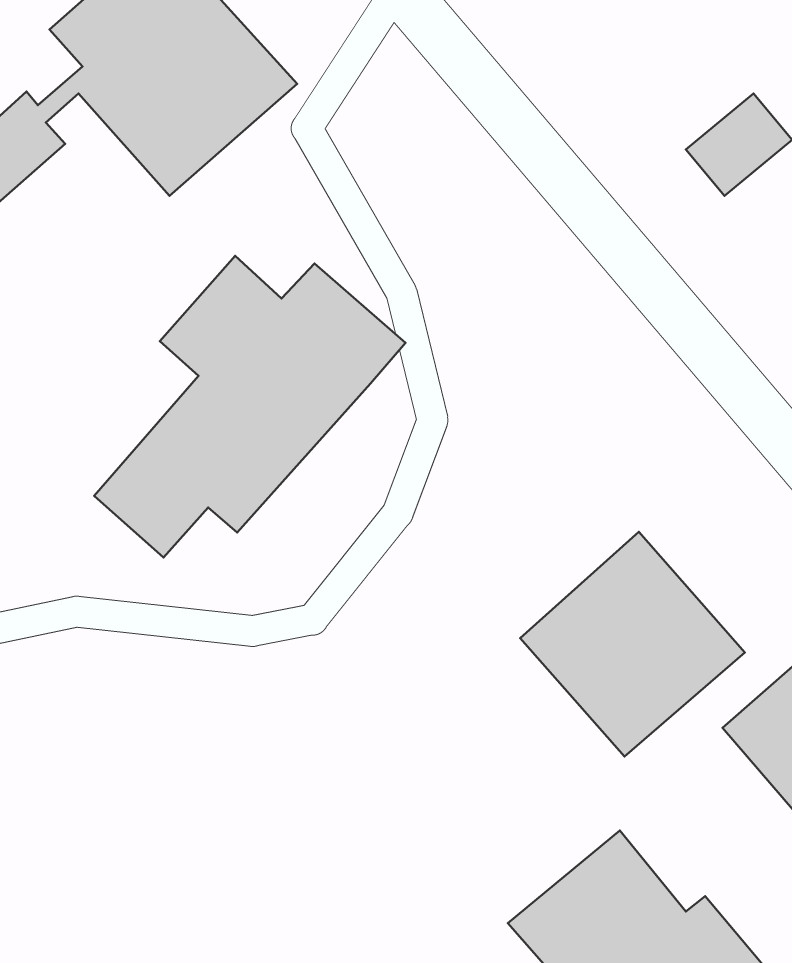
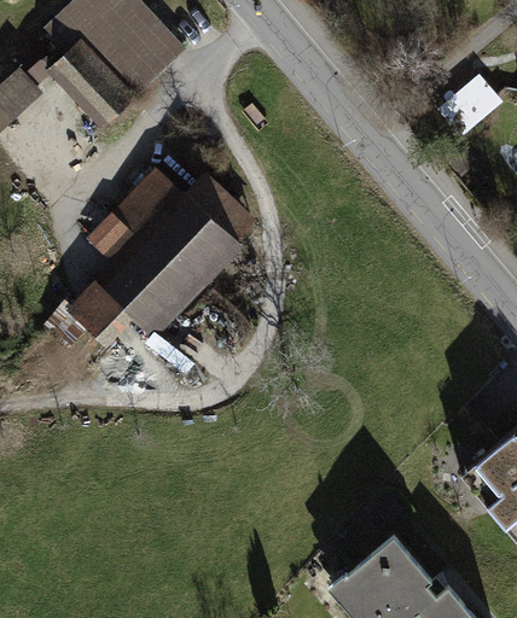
building: [520,532,745,757] -> none

